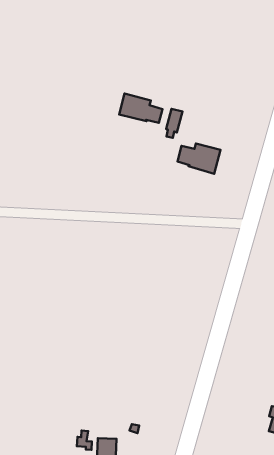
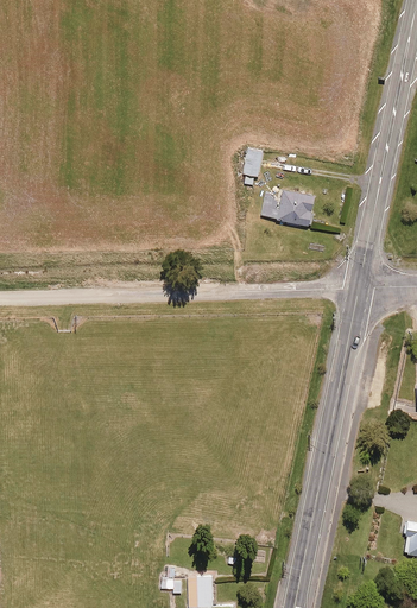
building: [119,94,163,123] -> none

